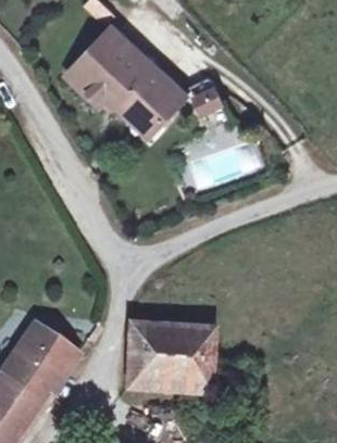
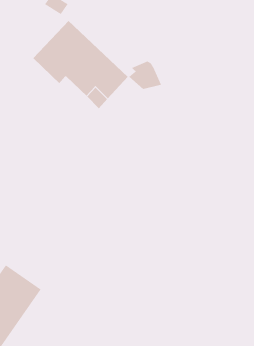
building: [126,322,214,395] -> none

